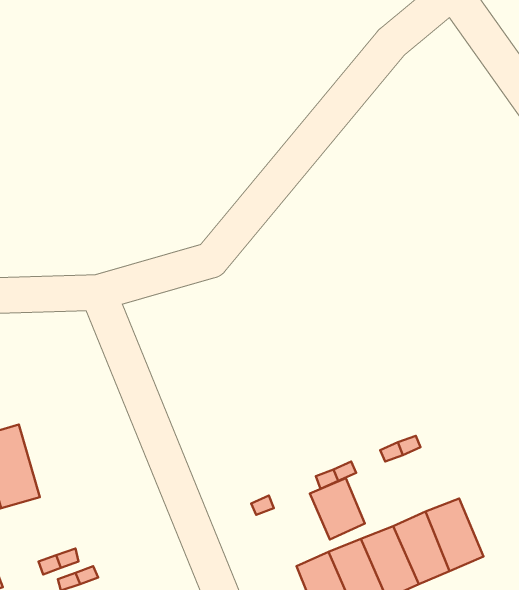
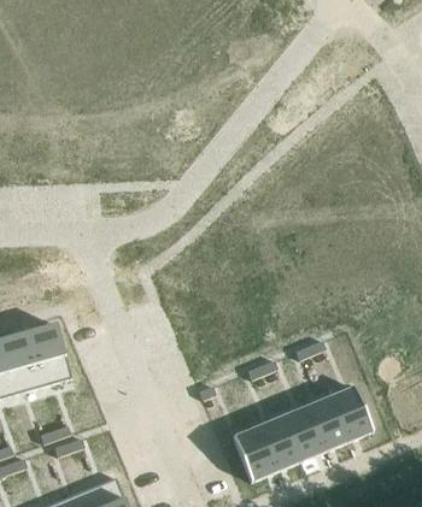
building: none -> [25,323,71,385]
building: [310,478,365,539] -> none

